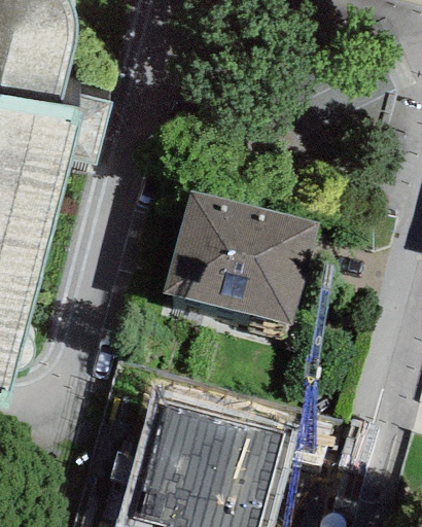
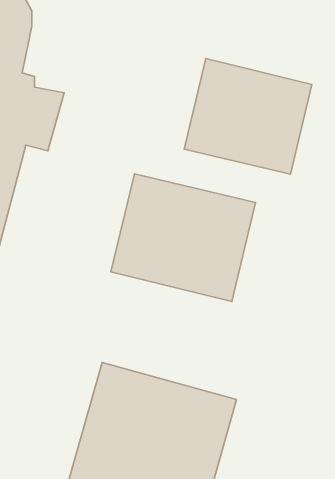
building: none -> [184,59,312,174]

